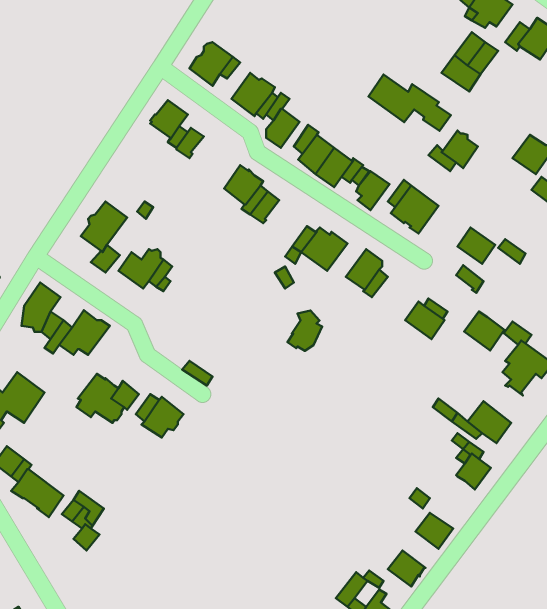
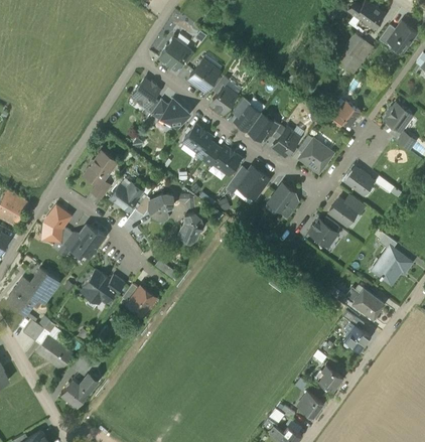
building: [369,75,451,131] -> none
building: none -> [160,100,187,128]
building: none -> [211,146,240,174]
building: none -> [148,194,172,219]
building: [287,310,322,351] -> [177,213,201,242]
building: [464,311,505,350] -> [328,197,357,225]
building: none -> [60,380,88,407]

